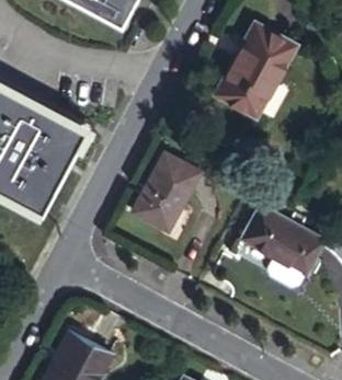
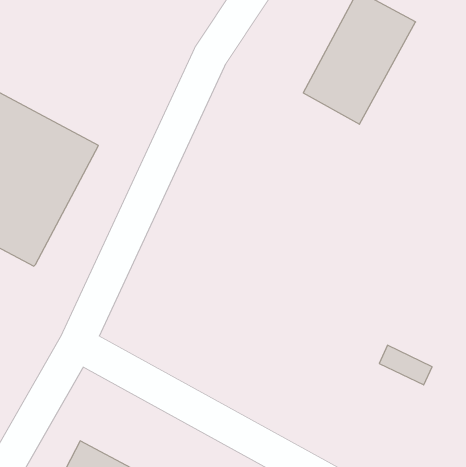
building: [137,157,202,233] -> none
building: [242,208,321,275] -> none

